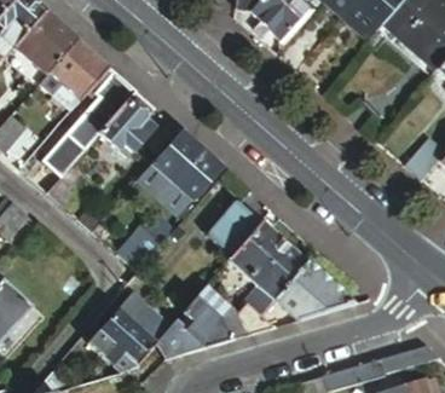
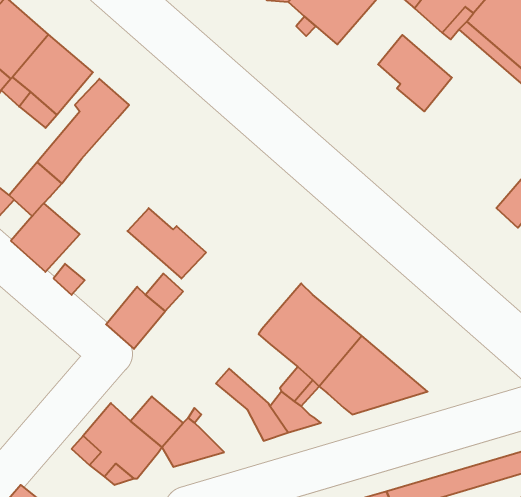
building: none -> [378,35,452,111]
building: [98,99,154,154] -> none
building: [148,129,219,198] -> none
building: [207,201,260,255] -> none
building: [184,295,232,346] -> none

